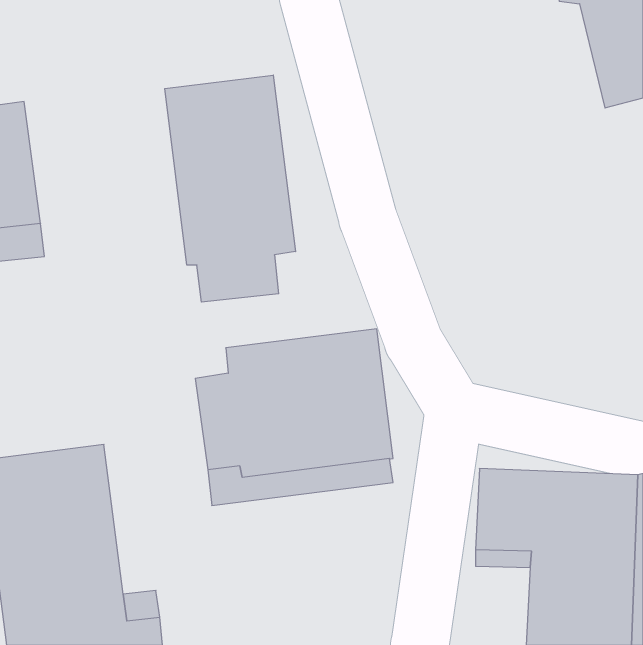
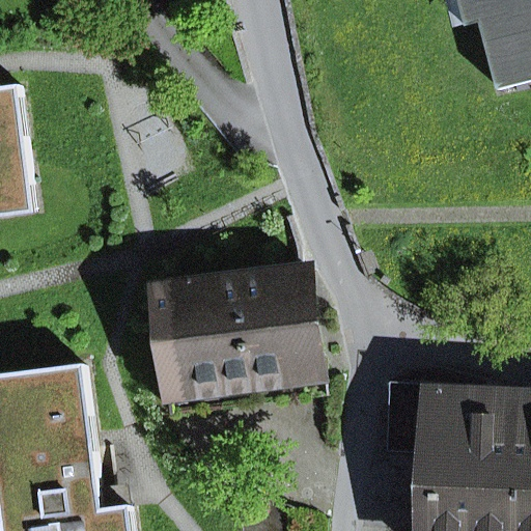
building: [165,75,296,302] -> none

